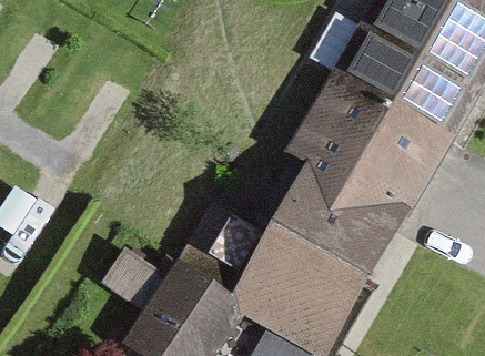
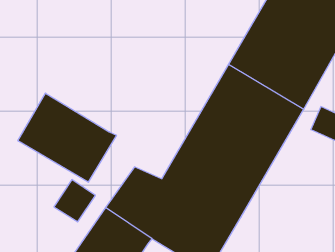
building: none -> [18,93,116,182]

